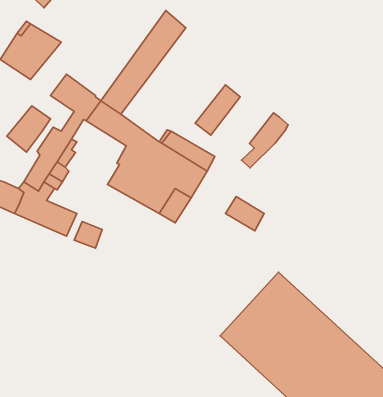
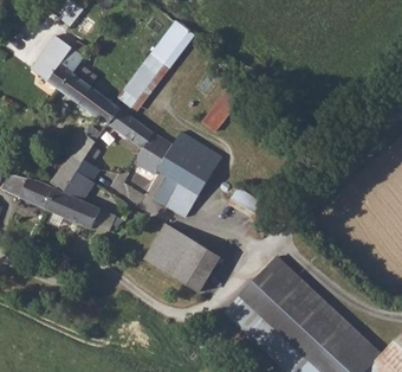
building: [7,106,51,152] -> [56,58,95,100]
building: [241,113,288,168] -> none
building: none -> [143,225,216,290]

